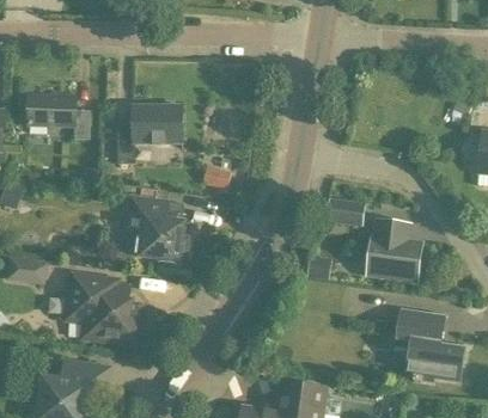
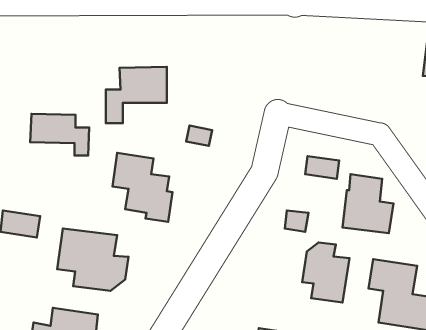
building: [28,94,90,139] -> [30,114,89,156]
building: none -> [302,242,349,303]

